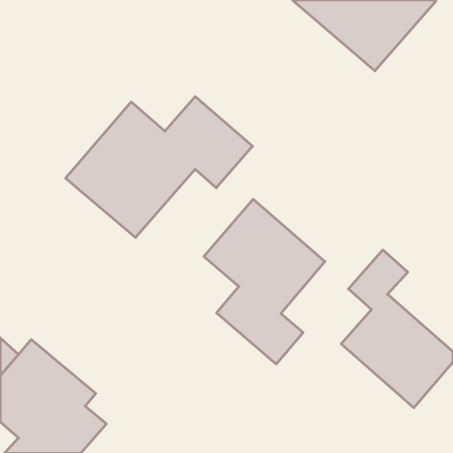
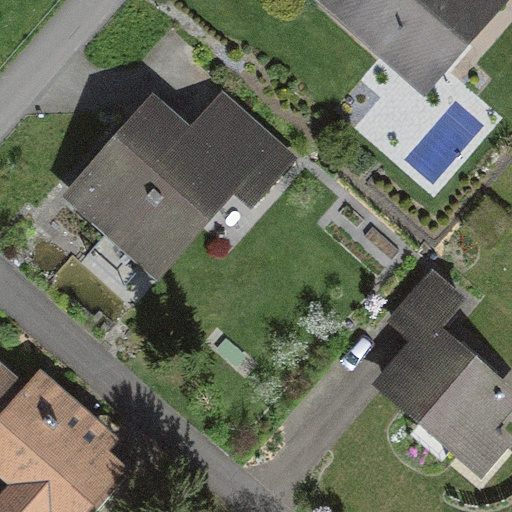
building: [204,199,325,364] -> none

